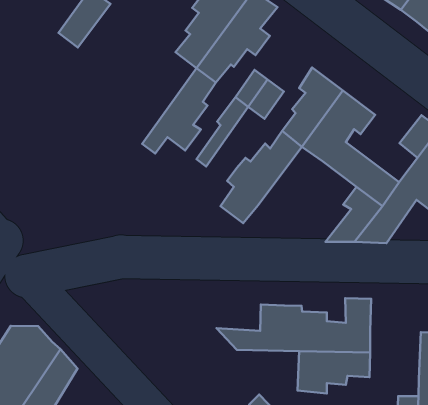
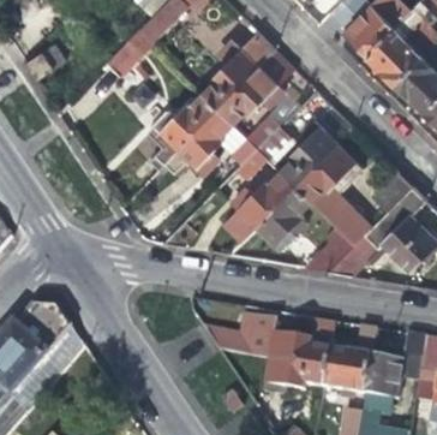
building: none -> [144,93,217,169]
building: none -> [252,186,311,254]
building: none -> [324,326,377,393]

